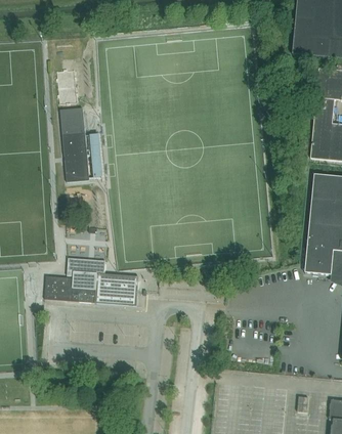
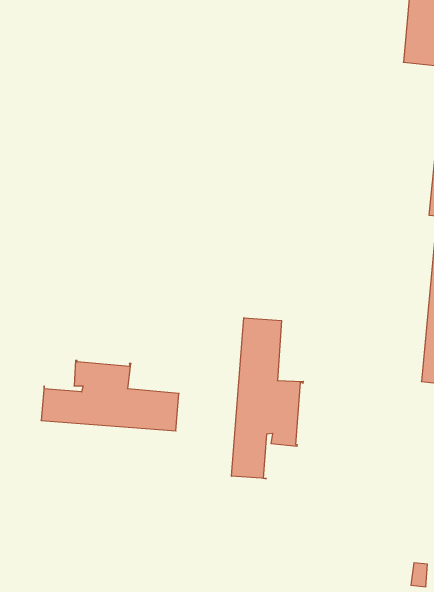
building: [59,106,88,181] -> none
building: none -> [232,318,303,479]

